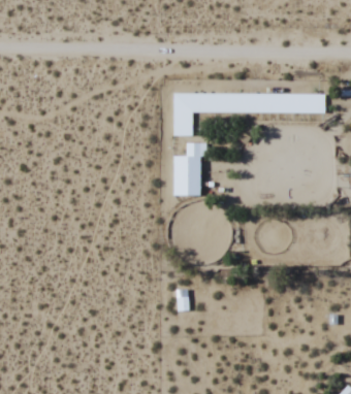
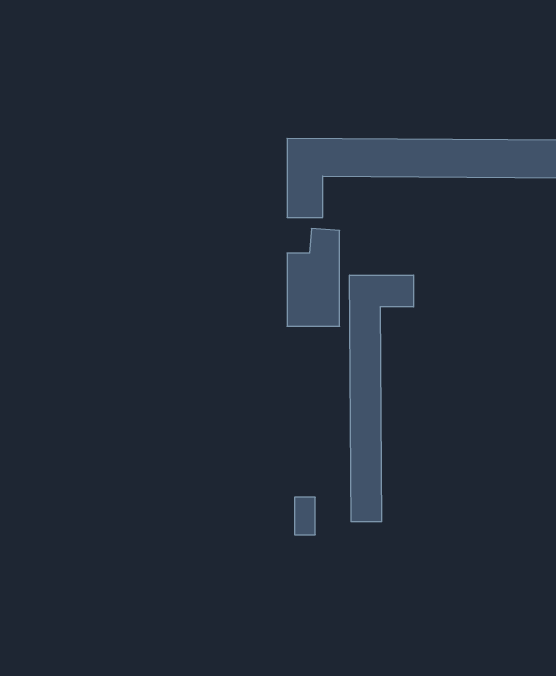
building: none -> [350,275,414,522]

